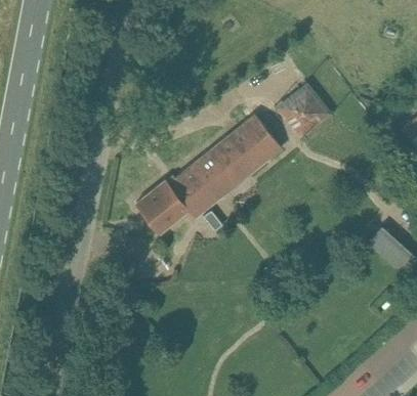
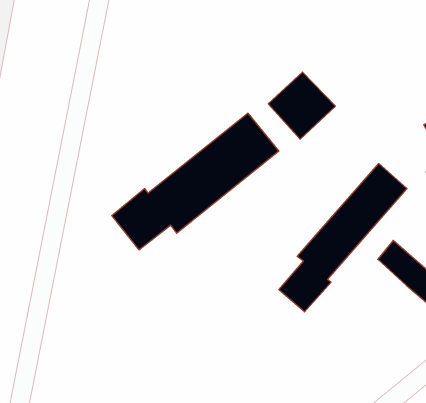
building: none -> [279,164,407,312]

